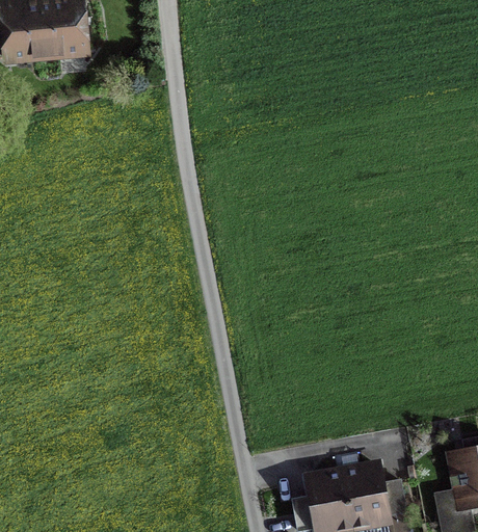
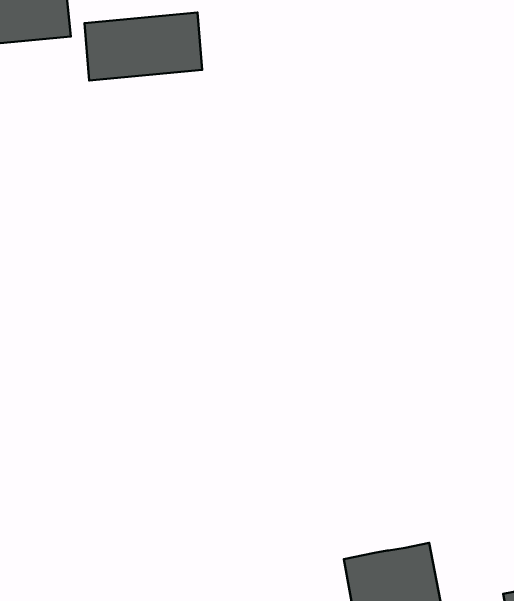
building: none -> [85,13,202,80]

